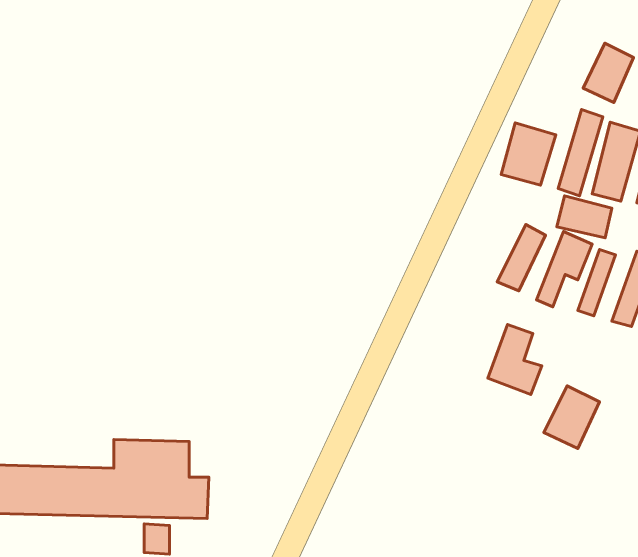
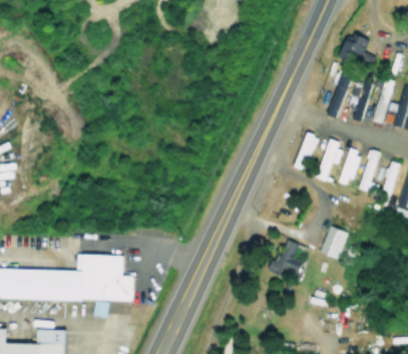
building: [501,123,556,185] -> none
building: [557,196,612,238] -> none
building: [488,324,542,394] -> [274,238,304,277]

